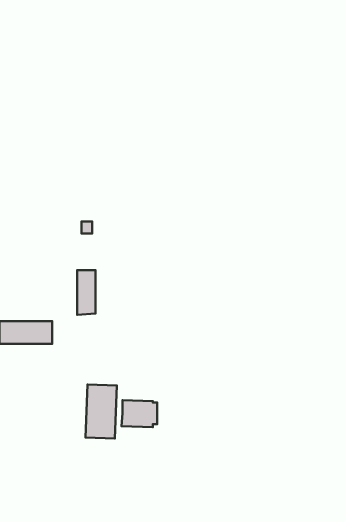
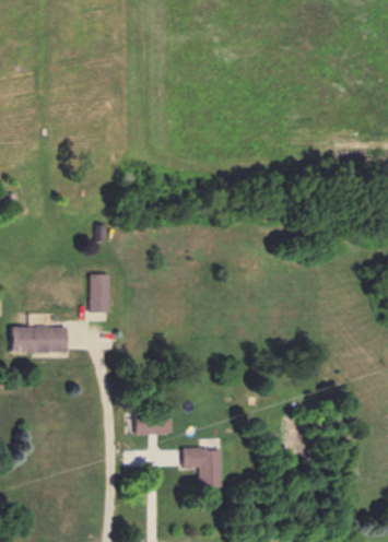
building: [86,384,117,439] -> none
building: none -> [184,447,222,488]

